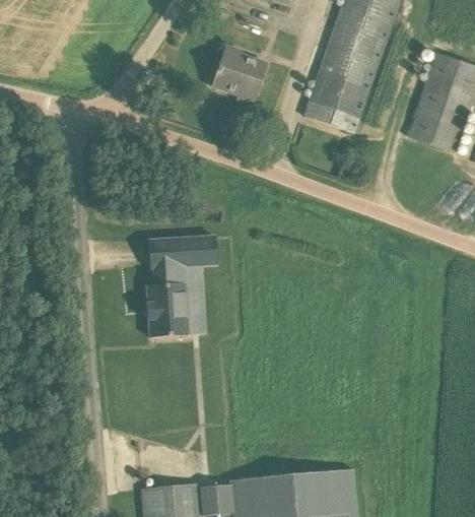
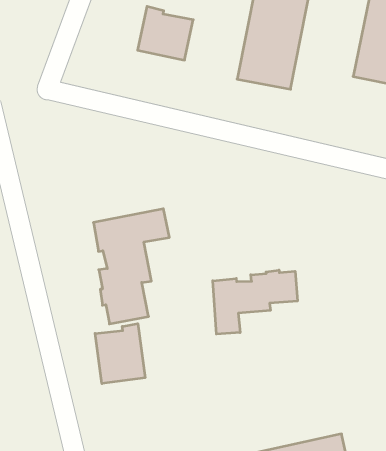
building: none -> [213,270,297,334]
building: none -> [95,324,145,384]

